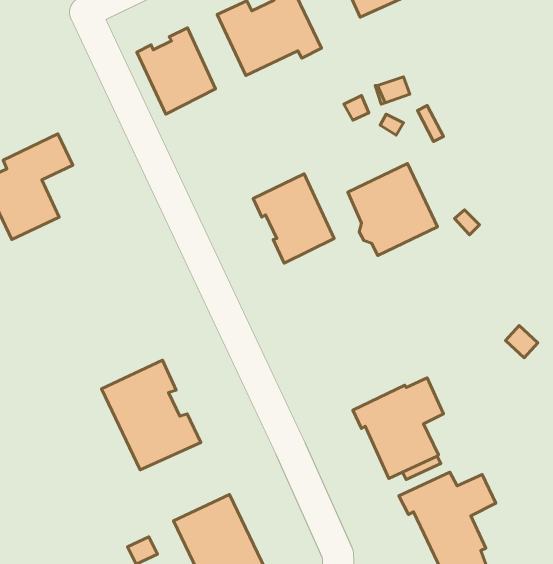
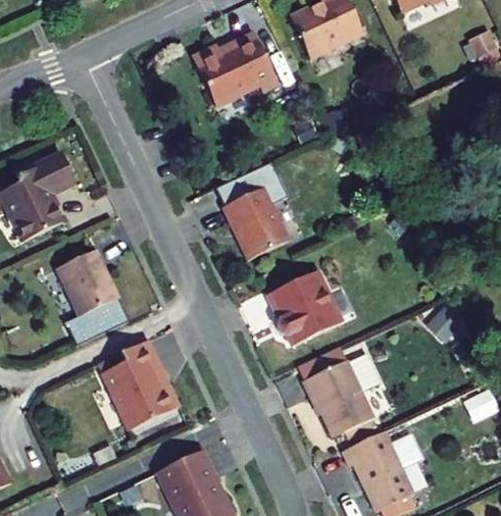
building: [137,28,216,114] -> none
building: [348,163,437,255] -> [267,269,341,345]
building: none -> [56,249,129,344]

